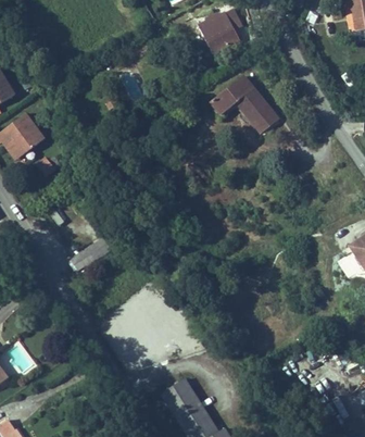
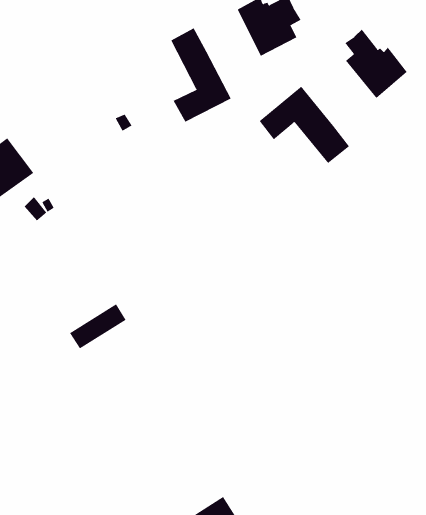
building: none -> [170,28,231,123]
building: none -> [344,29,408,99]

